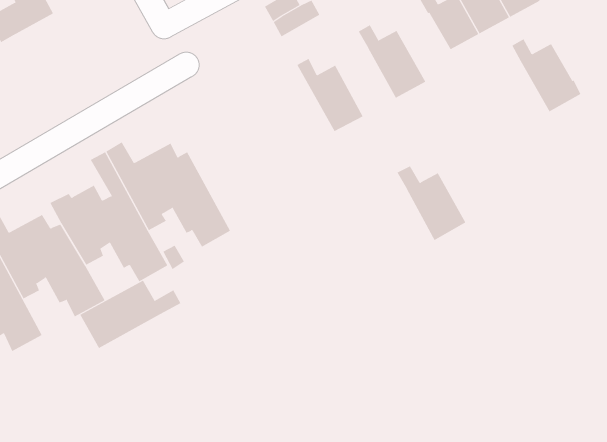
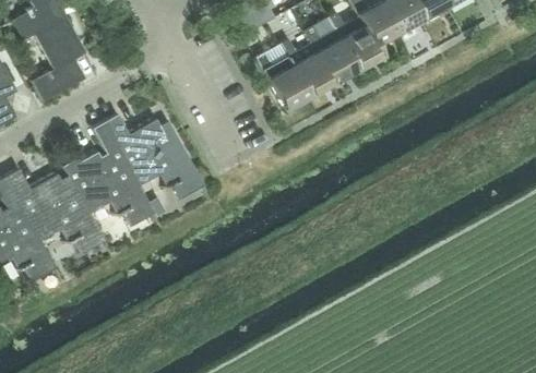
building: none -> [32,15,85,101]
building: [511,38,581,112] -> [326,11,381,69]
building: [396,165,466,241] -> [277,37,332,96]
building: [79,280,181,349] -> none

